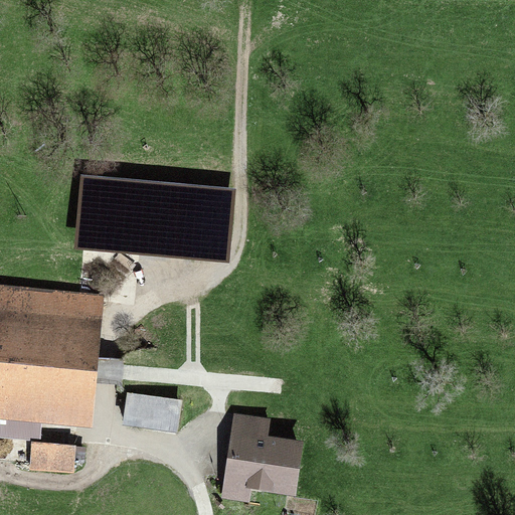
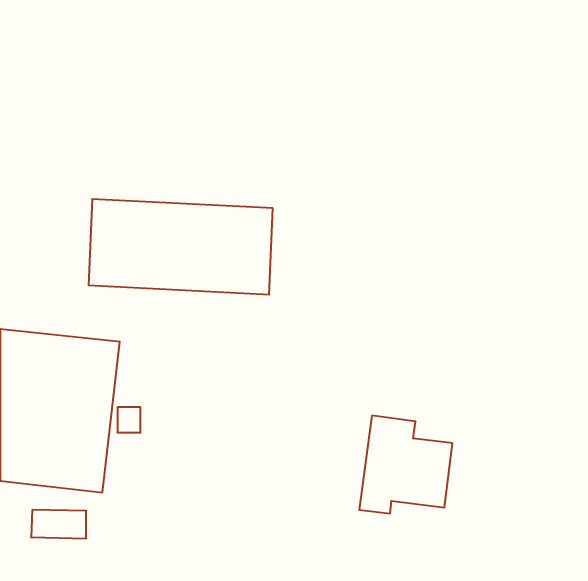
building: [121,390,179,432] -> none
building: [220,415,302,501] -> [359,416,452,513]

